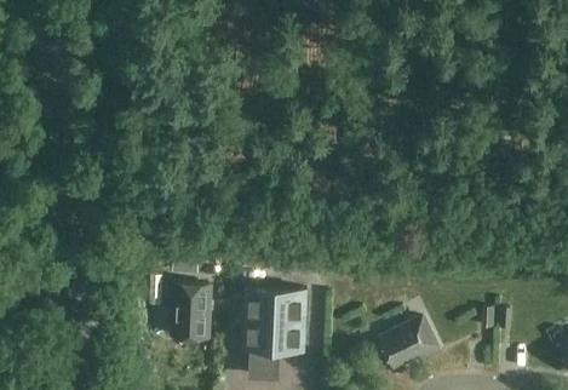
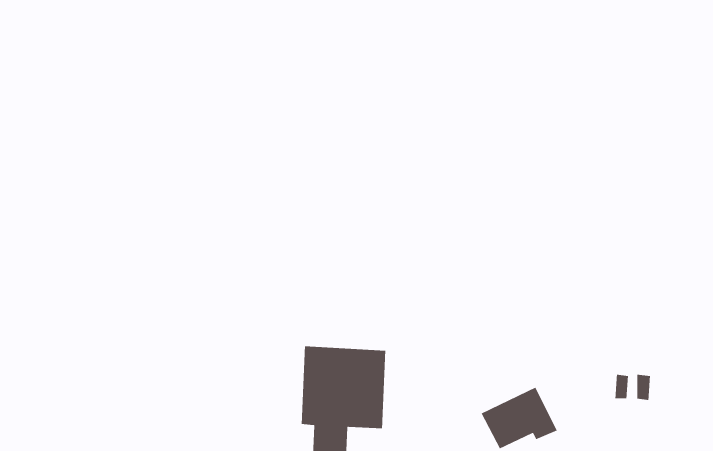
building: [172,282,210,337] -> none

